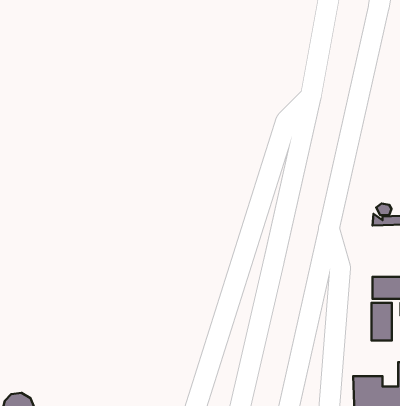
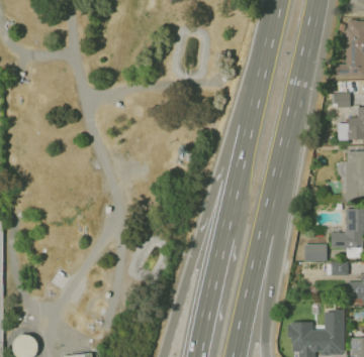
building: [372,303,392,340] -> none

